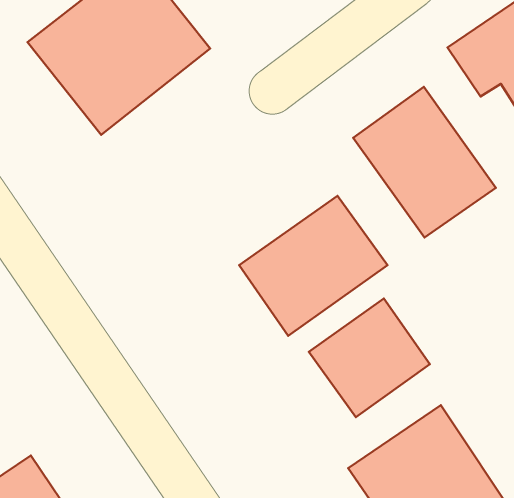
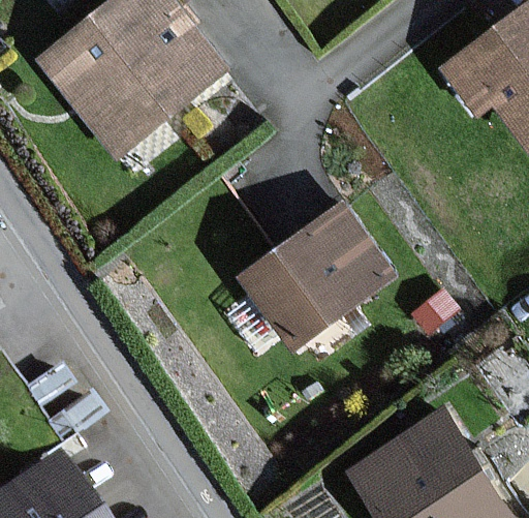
building: [353,87,496,238] -> none
building: [309,298,430,417] -> none

